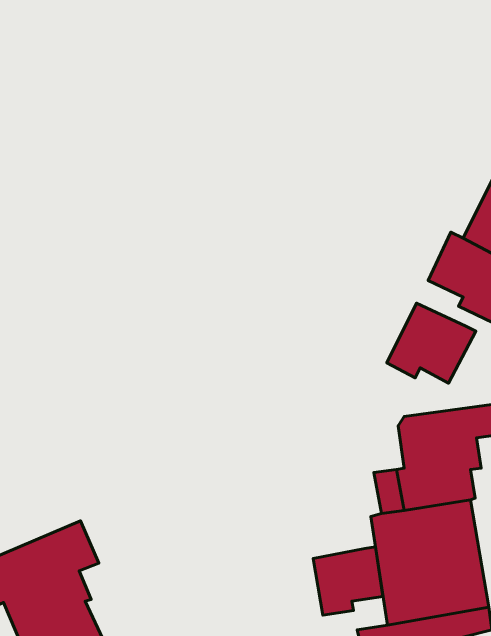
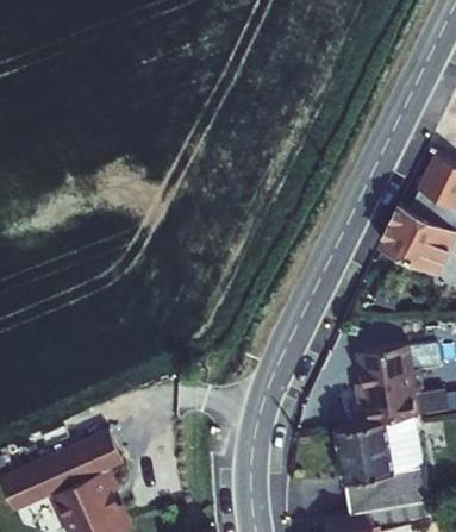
building: [387,303,476,383] -> none
building: [313,547,383,615] -> none

